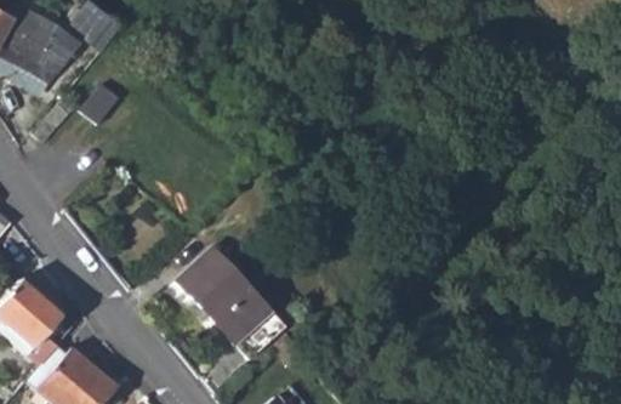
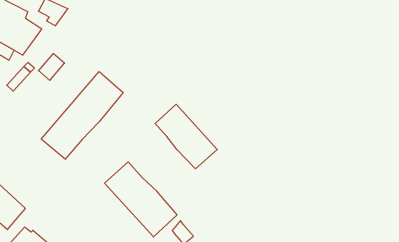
building: none -> [41,72,123,159]
building: none -> [155,104,217,169]

